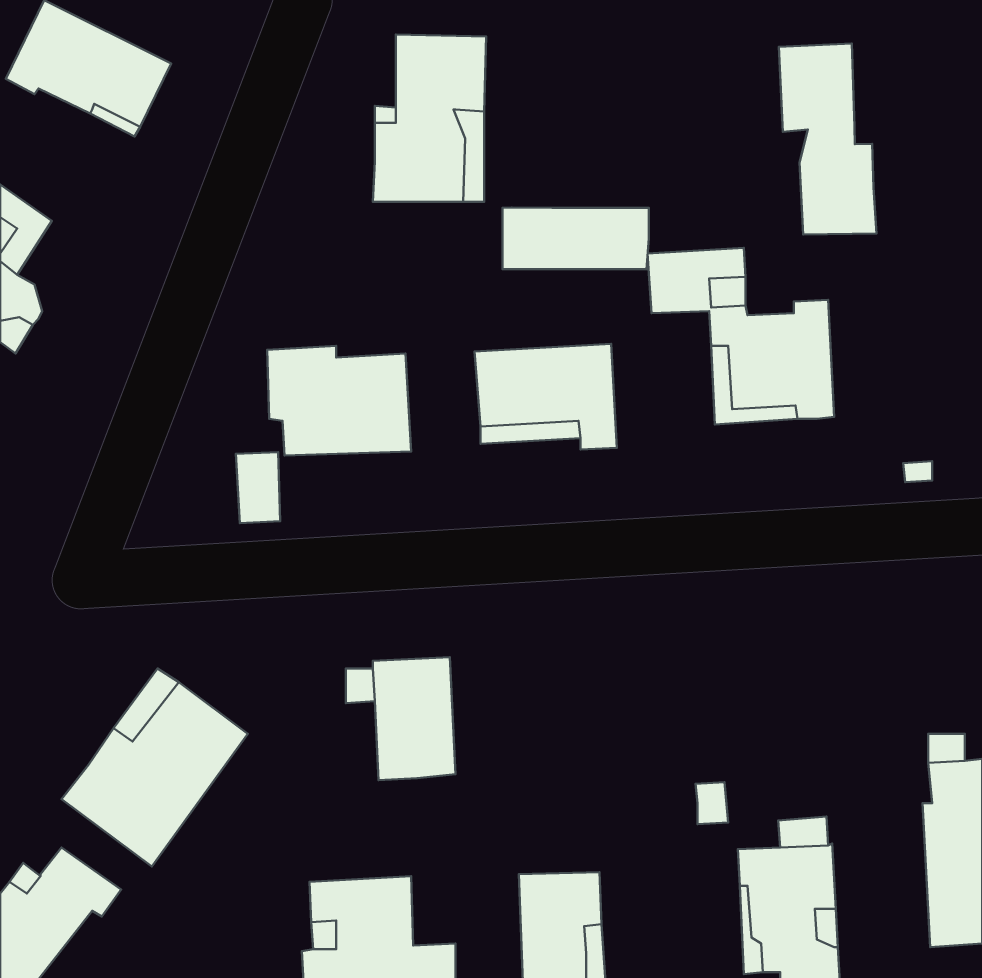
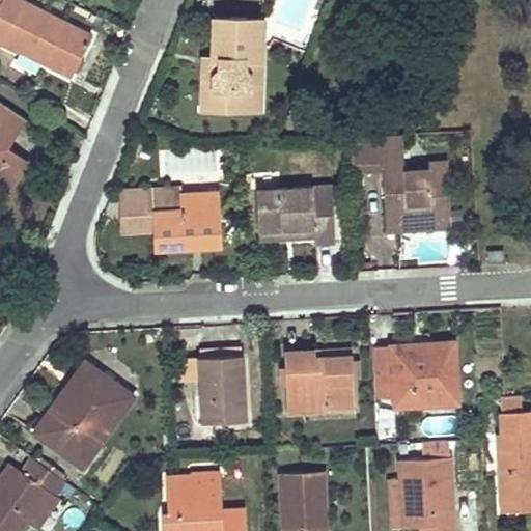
building: [779,44,876,234] -> none
building: [503,208,649,269] -> none
building: [236,452,280,523] -> [121,191,145,229]
building: none -> [370,342,458,408]
building: none -> [285,353,354,415]

